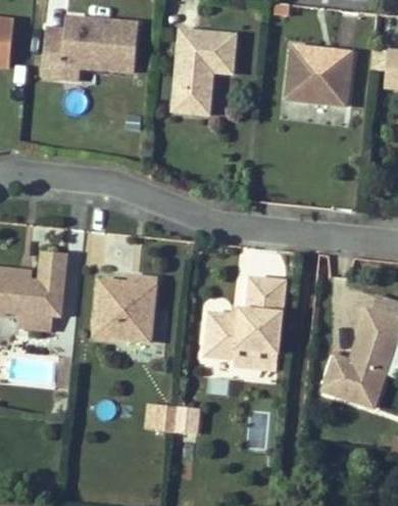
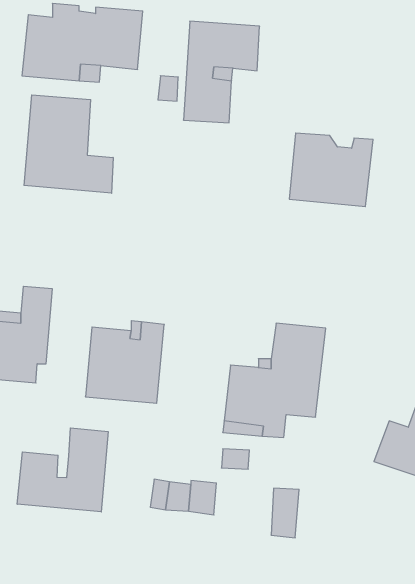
building: [283,47,350,106] -> [289,133,373,207]
building: none -> [24,95,113,193]
building: none -> [17,428,108,512]

